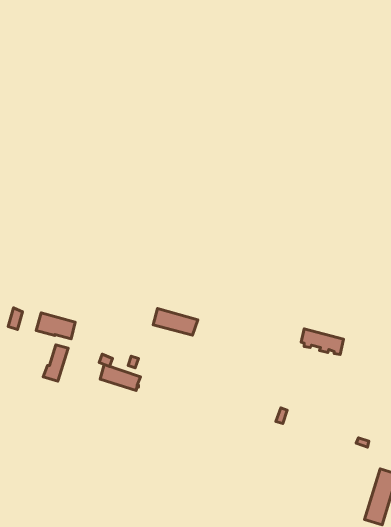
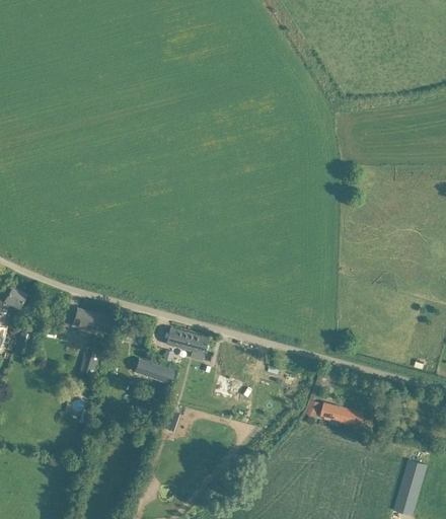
building: [153,308,198,335] -> [164,326,208,353]
building: [301,329,343,355] -> [320,401,362,427]

